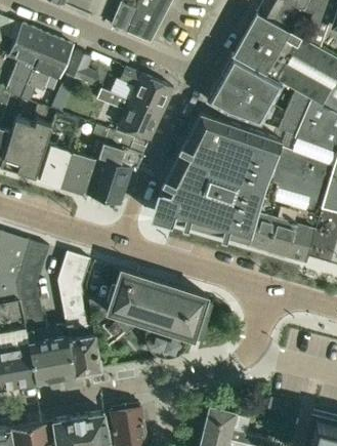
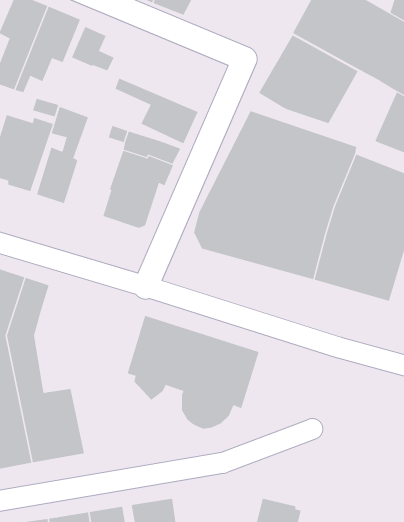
building: [100,69,173,116] -> none
building: [278,91,310,137] -> none
building: [59,153,94,194] -> none
building: [57,252,100,374] -> none

